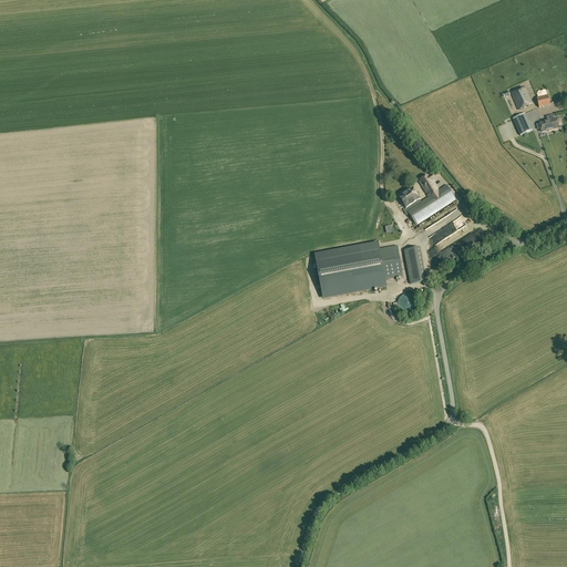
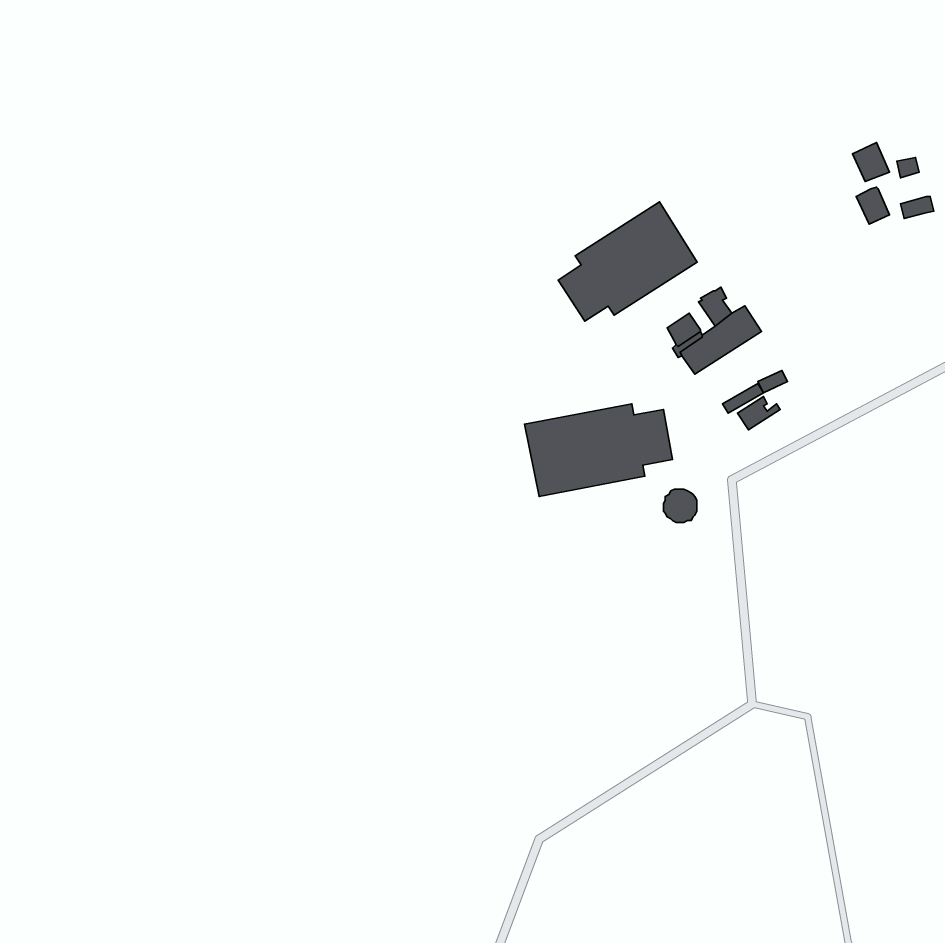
building: none -> [558,202,697,321]
building: [404,247,424,280] -> none

